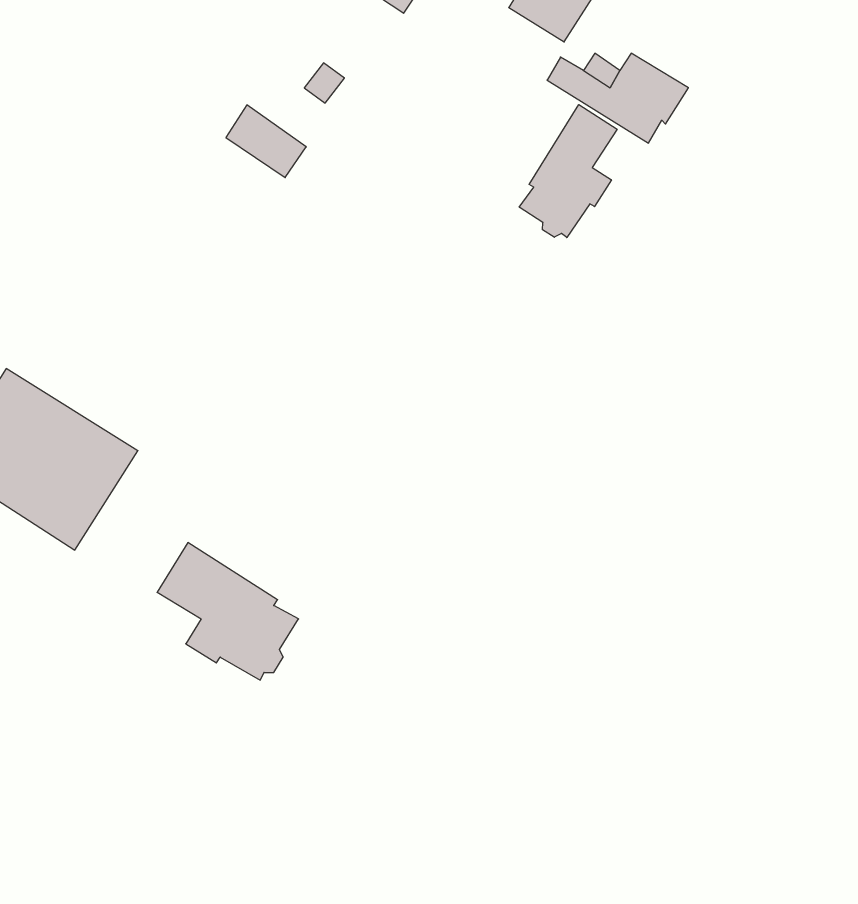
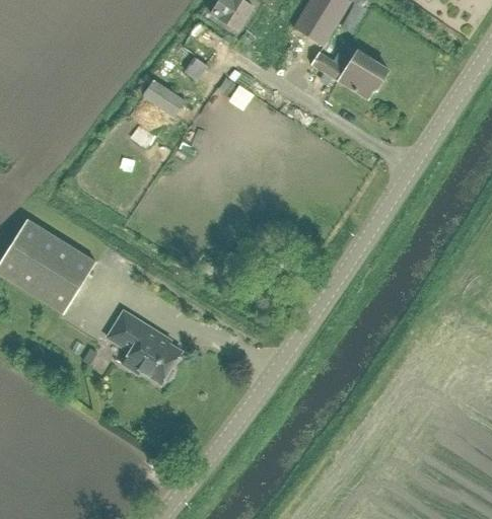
building: [519,105,617,238] -> none

